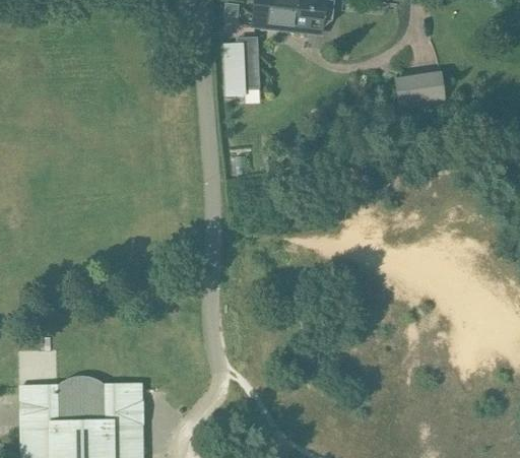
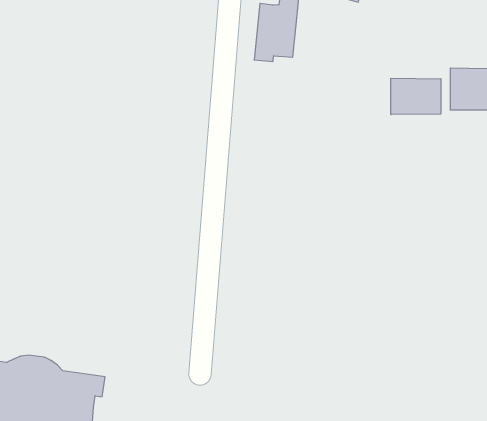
building: none -> [391,78,441,115]

